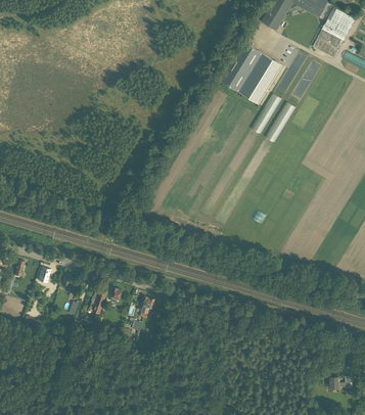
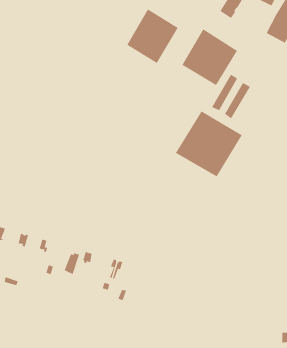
building: none -> [126,8,179,64]
building: none -> [175,110,242,177]

